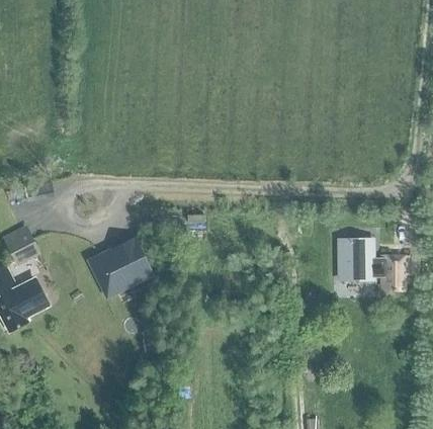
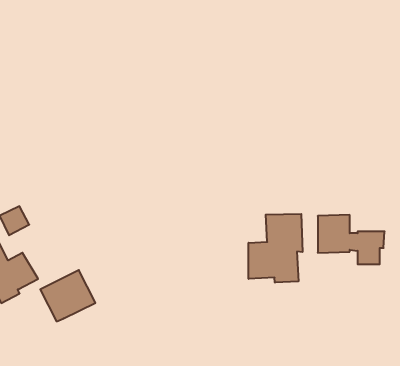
building: none -> [249,214,302,283]
building: [93,239,151,292] -> [40,270,95,321]

